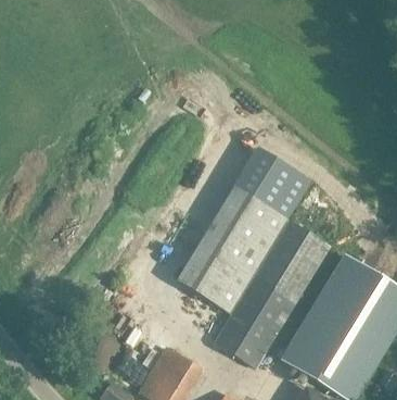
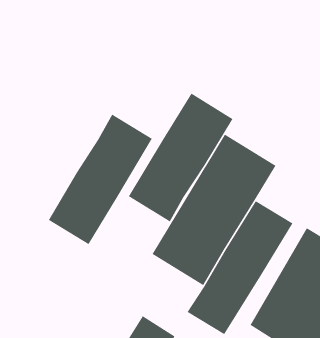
building: none -> [128,93,233,223]
building: none -> [48,113,153,245]

